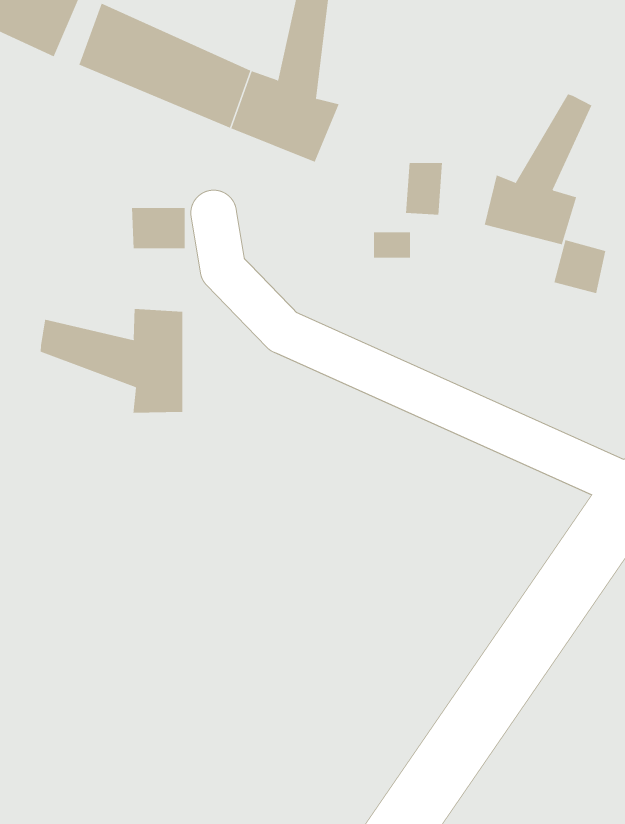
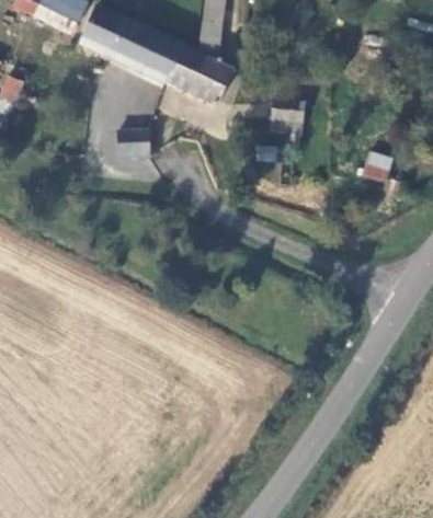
building: [484,94,592,245] -> none
building: [40,308,183,414] -> none

